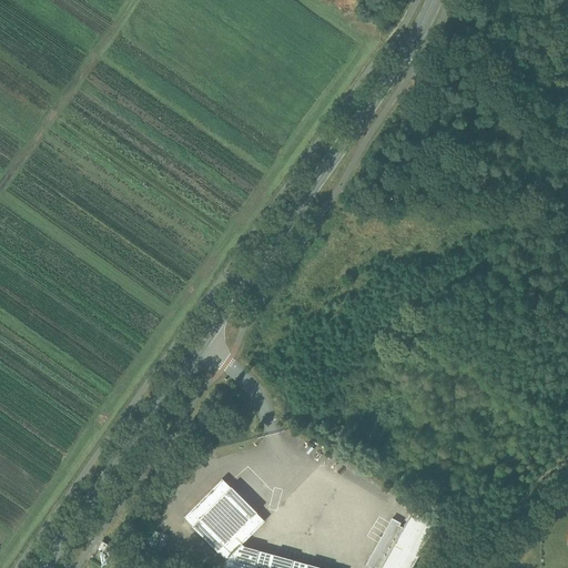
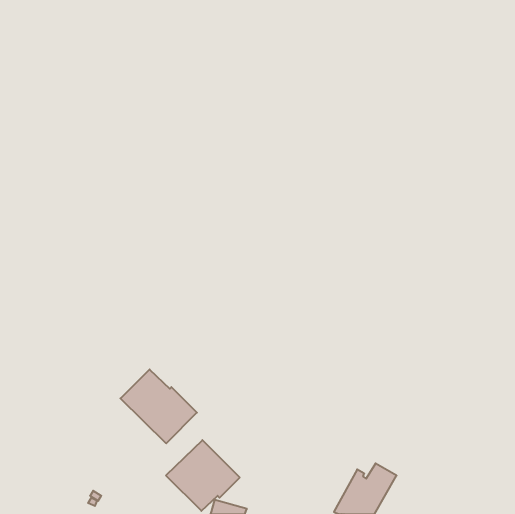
building: none -> [120,369,197,443]

